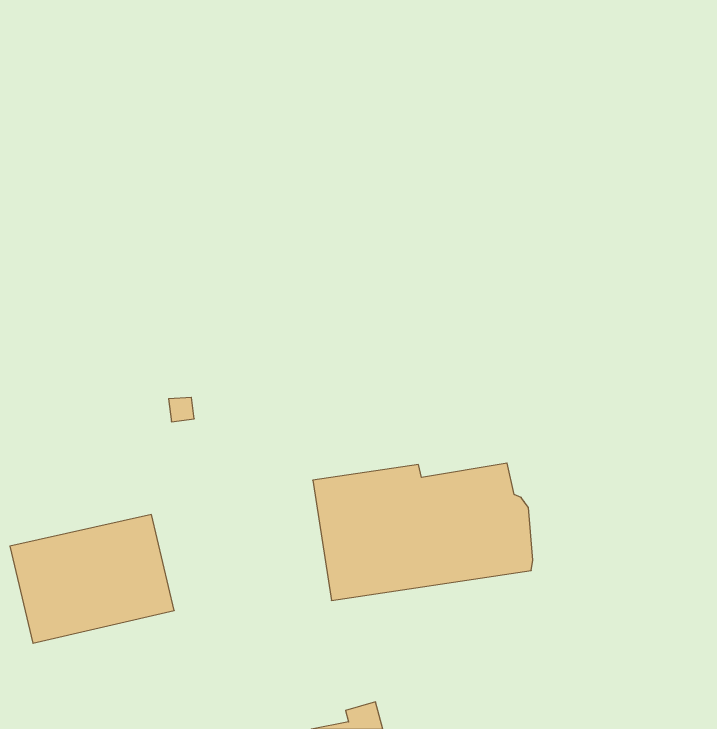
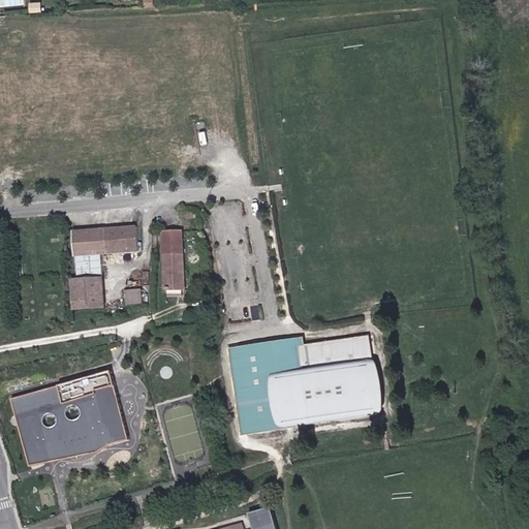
building: none -> [70,225,136,255]
building: none -> [159,229,184,289]
building: none -> [69,277,103,309]

